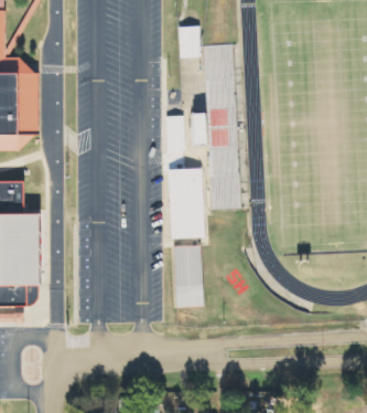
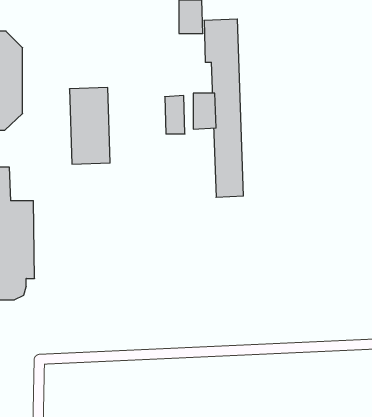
building: [166,168,204,239] -> [69,88,110,164]
building: [171,245,203,307] -> none

